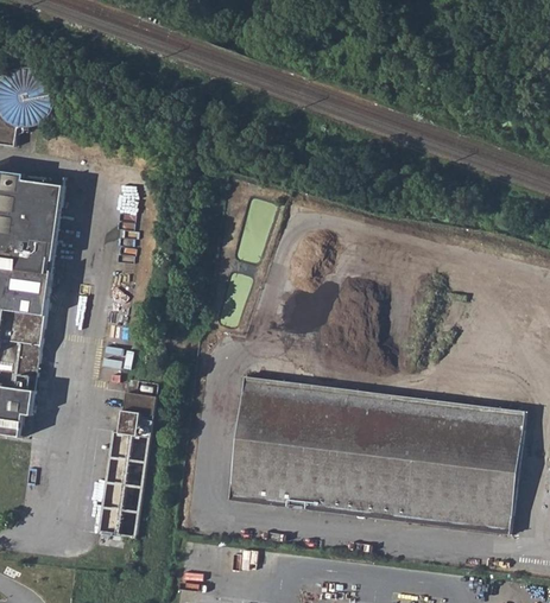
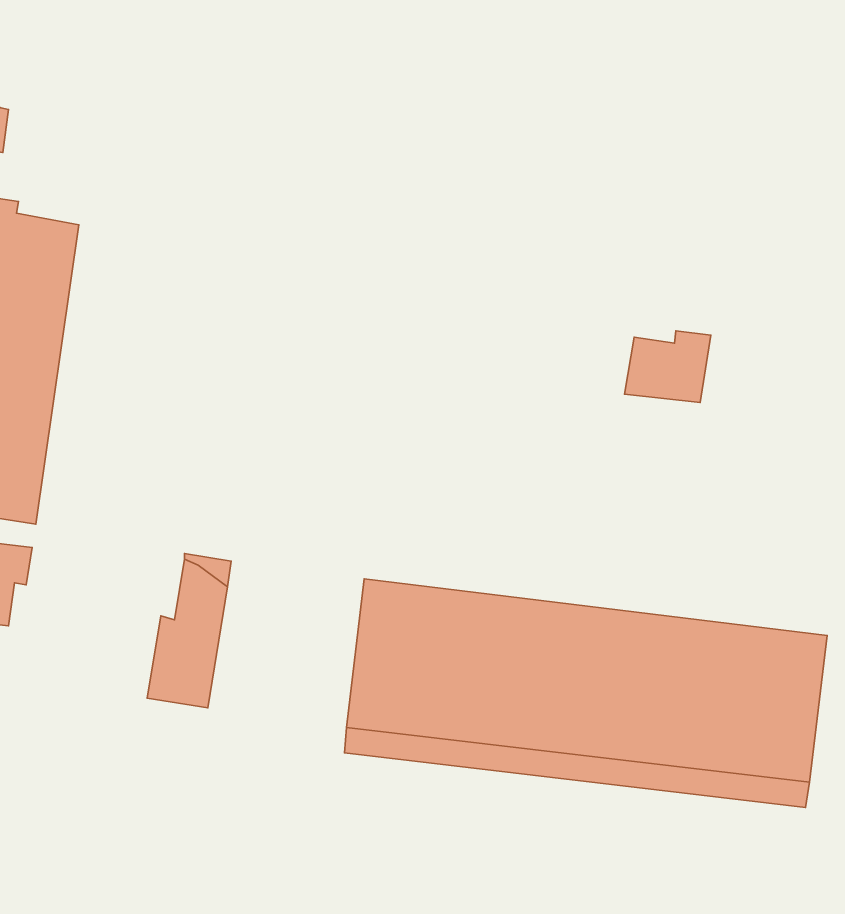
building: none -> [624,331,711,403]
building: [238,375,521,427] -> none
building: [99,465,143,525] -> none

